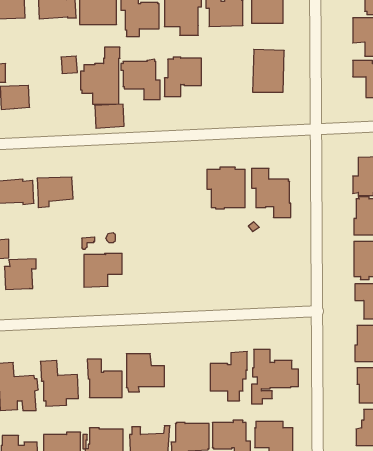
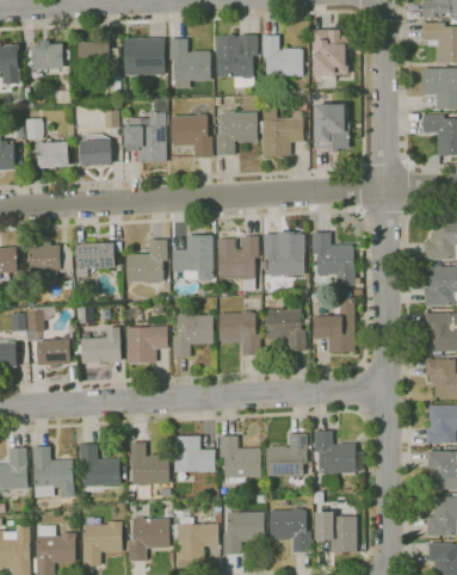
building: none -> [259,107,303,156]
building: [95,104,124,128] -> [79,140,111,166]
building: none -> [172,235,212,279]
building: none -> [217,236,259,290]
building: none -> [125,240,167,283]
building: none -> [313,297,354,352]
building: none -> [264,308,305,351]
building: none -> [218,311,259,355]
building: none -> [172,314,212,357]
building: none -> [78,329,123,363]
building: none -> [220,435,261,483]

